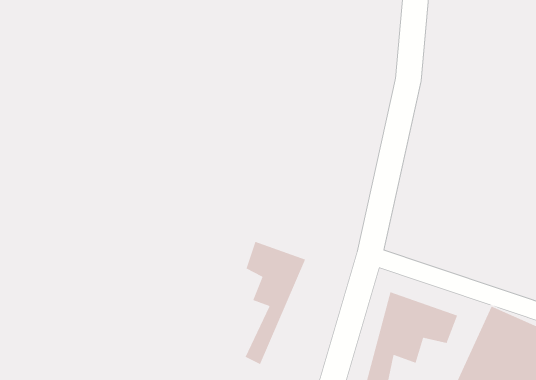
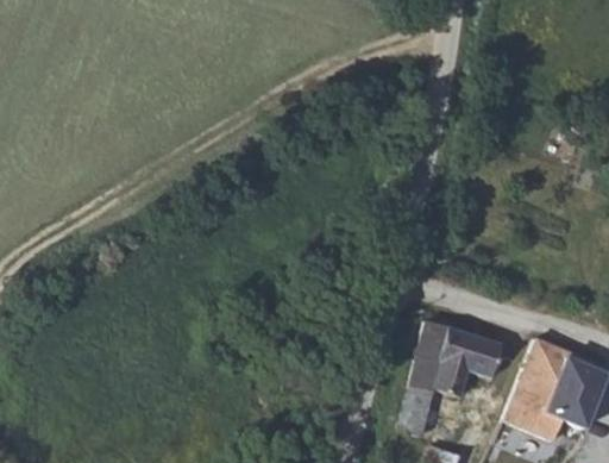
building: [245,241,306,365] -> none

